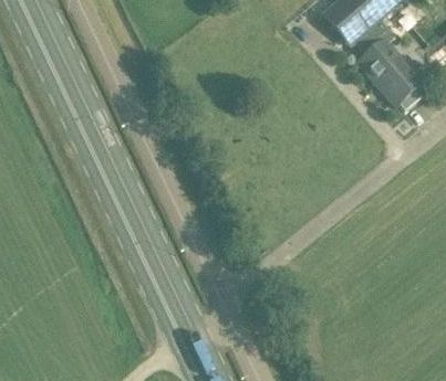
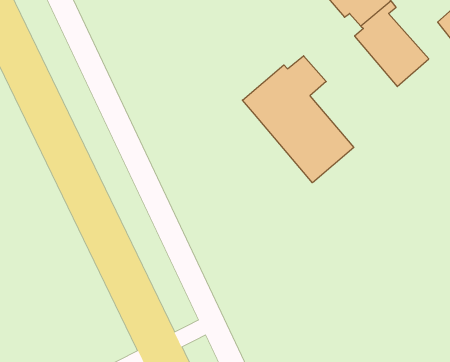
building: none -> [242,56,354,183]

